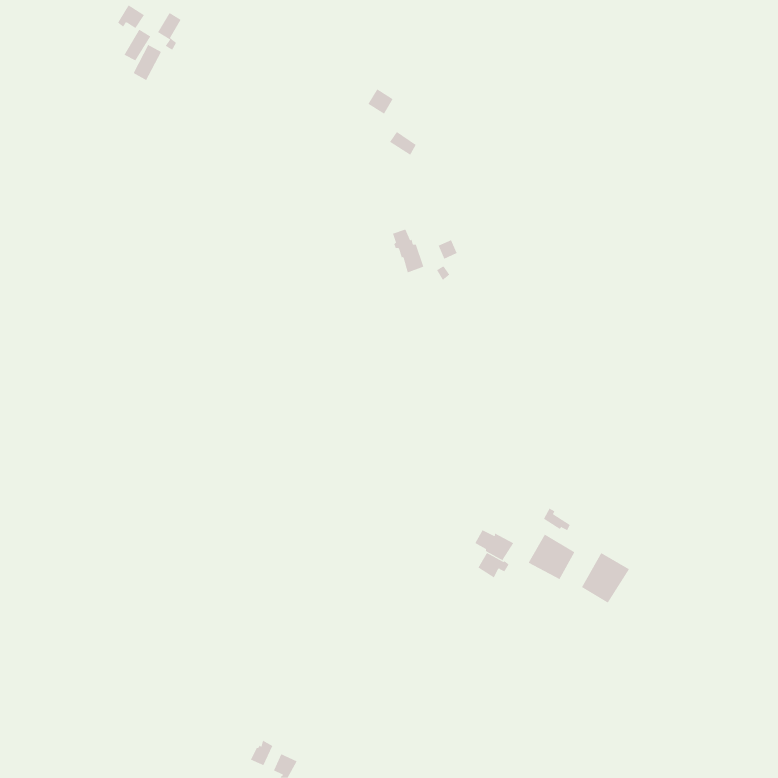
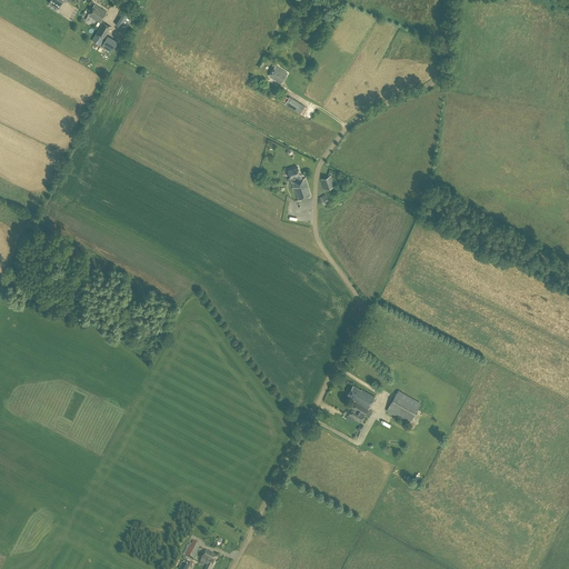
building: [581,552,630,604] -> none

